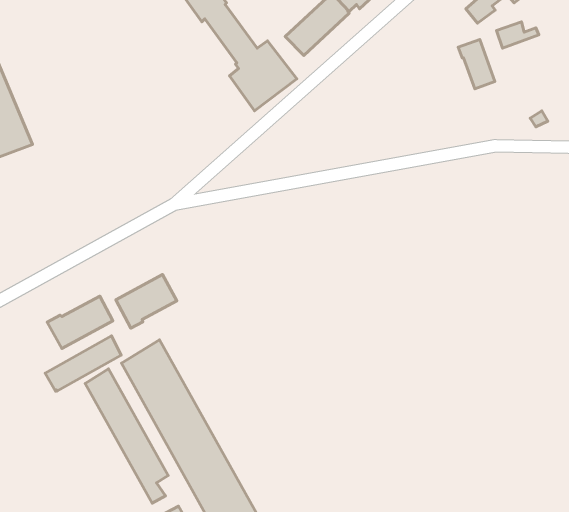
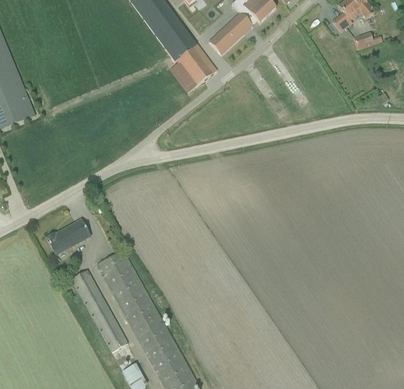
building: [458,39,495,89] -> none
building: [116,275,177,328] -> none
building: [45,336,121,391] -> none

